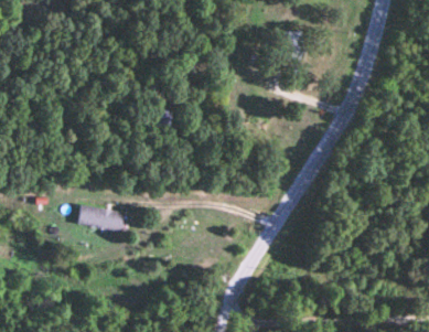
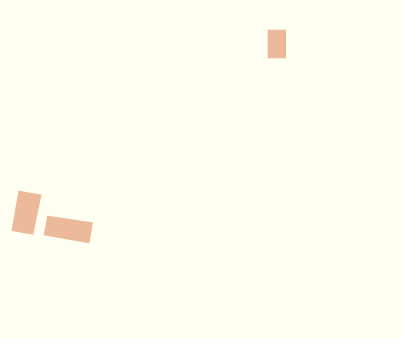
building: none -> [11,190,42,235]

